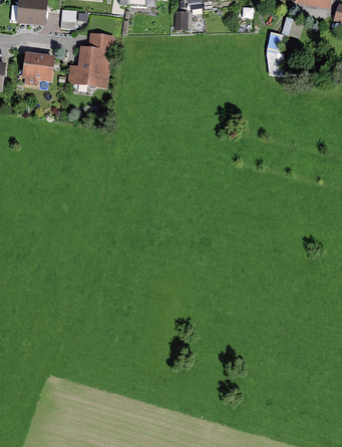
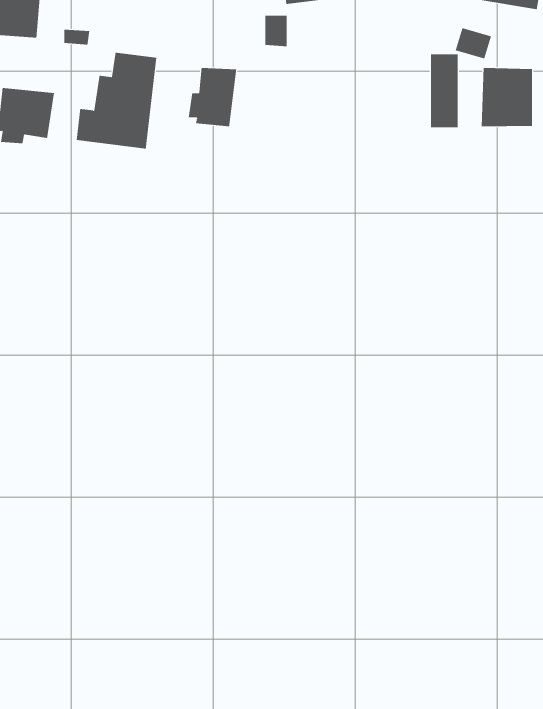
building: none -> [481,67,532,127]
building: none -> [188,67,237,127]

